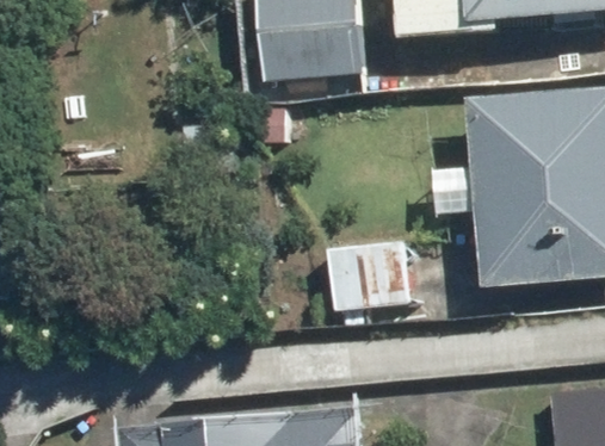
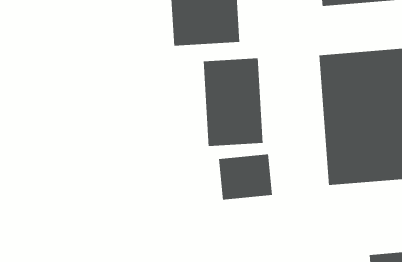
building: none -> [203,58,263,147]

